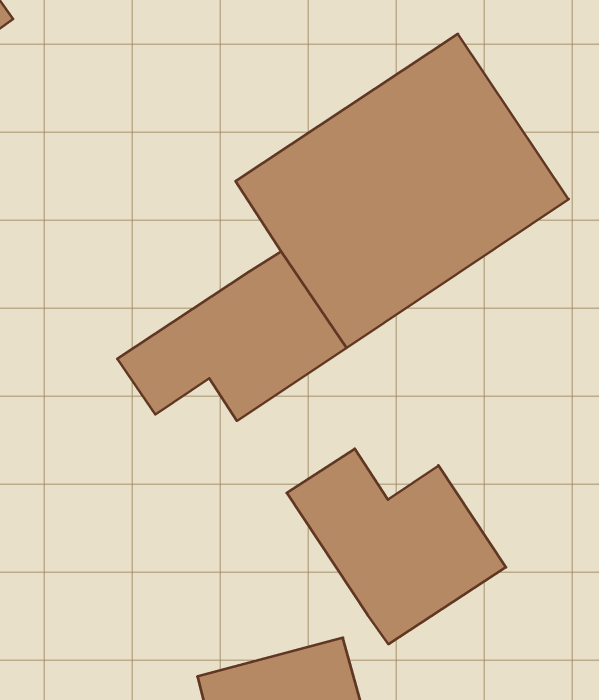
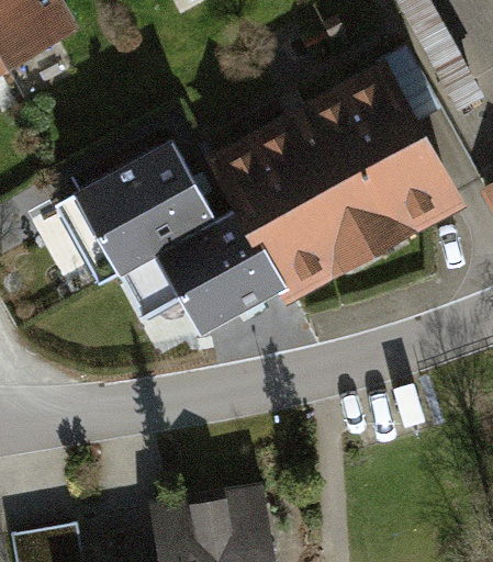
building: none -> [75,144,219,281]
building: [287,449,506,644] -> none

